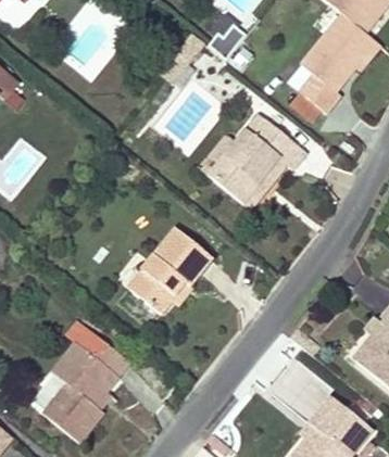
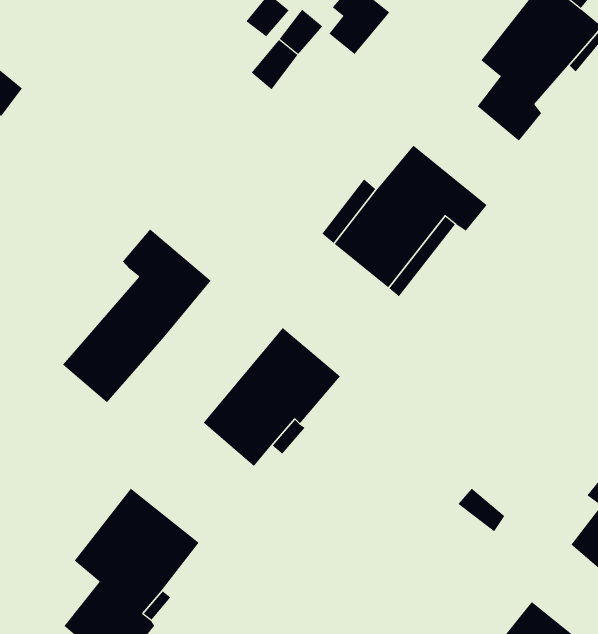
building: none -> [62,229,211,403]

